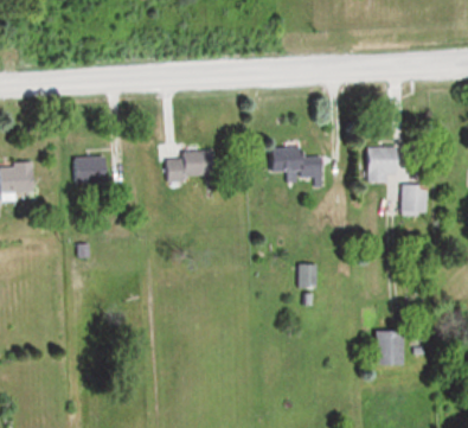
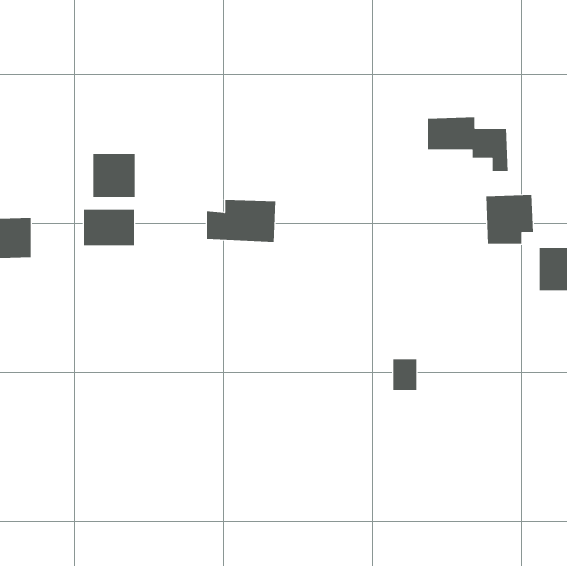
building: none -> [93,153,135,198]
building: [268,148,326,187] -> [427,117,509,172]
building: [373,332,399,366] -> none

